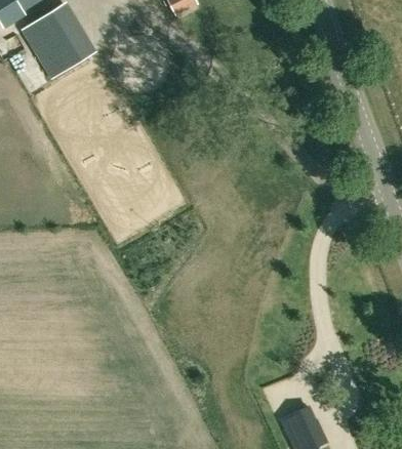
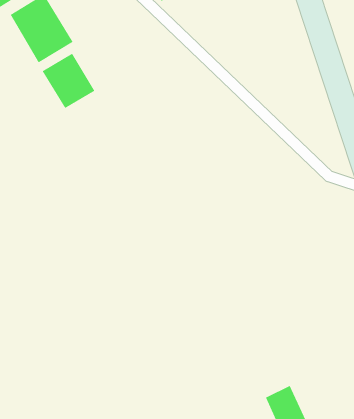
building: none -> [42,53,95,109]

